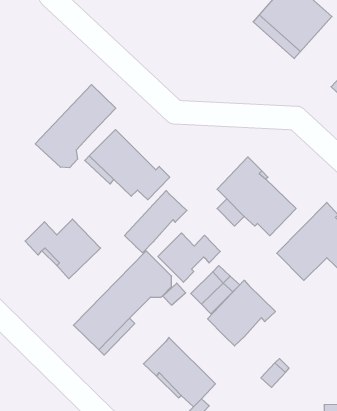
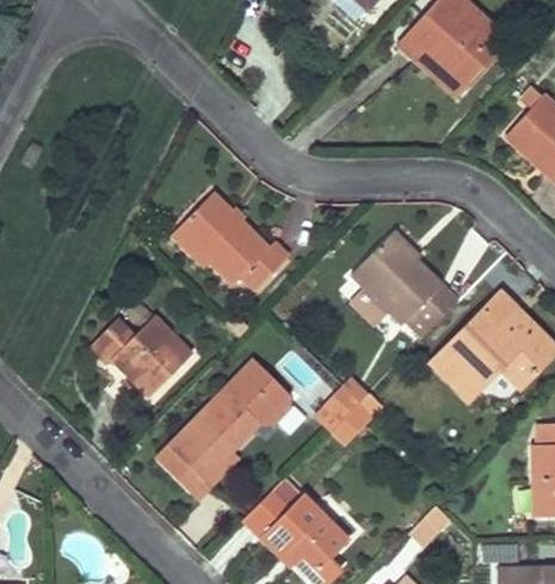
building: [35,85,116,168] -> none
building: [125,191,187,253] -> none
building: [158,233,220,282] -> none
building: [208,280,275,346] -> none

